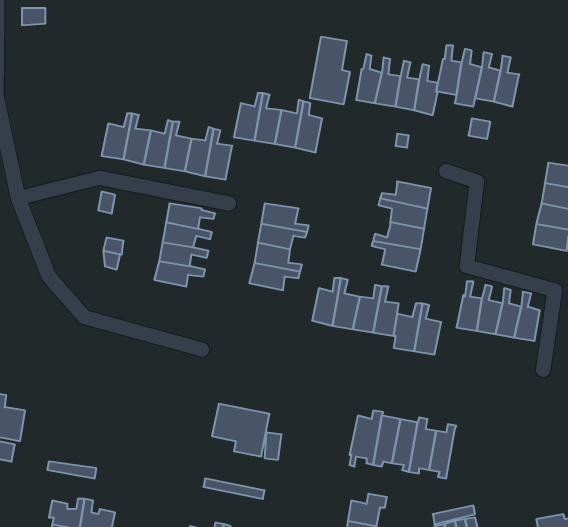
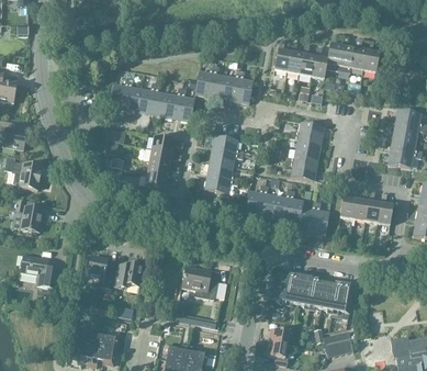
building: [310,37,350,104] -> none
building: none -> [88,256,114,288]
building: none -> [114,261,143,286]
building: none -> [333,282,355,319]

